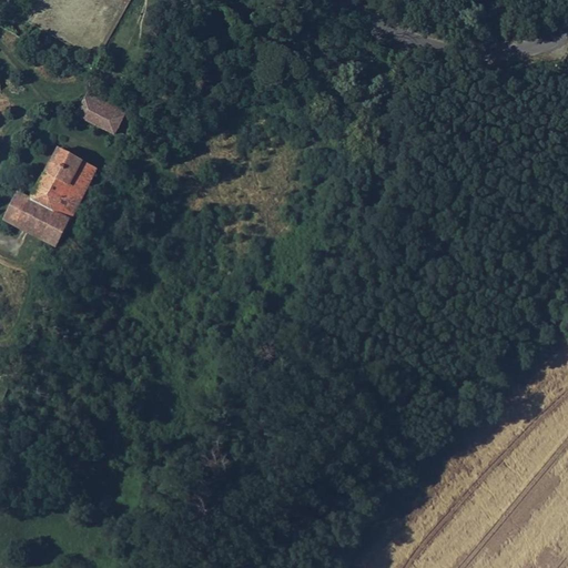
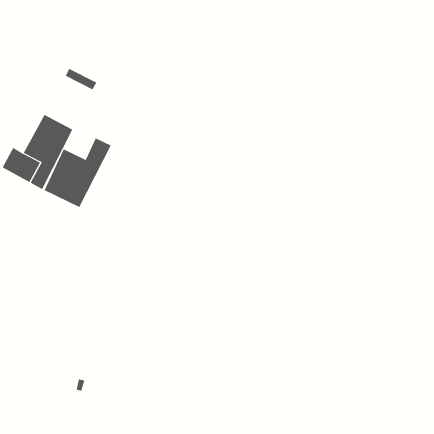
building: [77,99,121,133] -> none
building: none -> [44,137,111,208]

